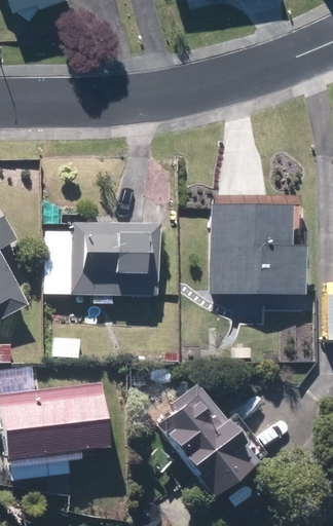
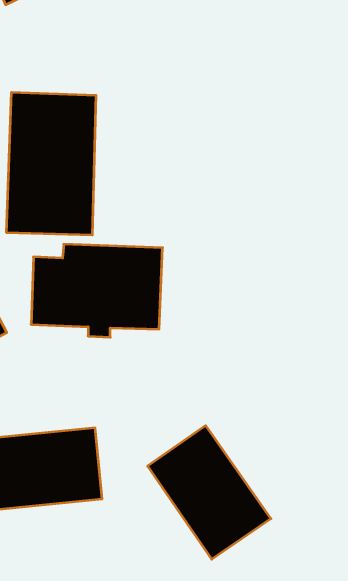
building: none -> [7,92,96,235]
building: [208,193,309,325] -> none

